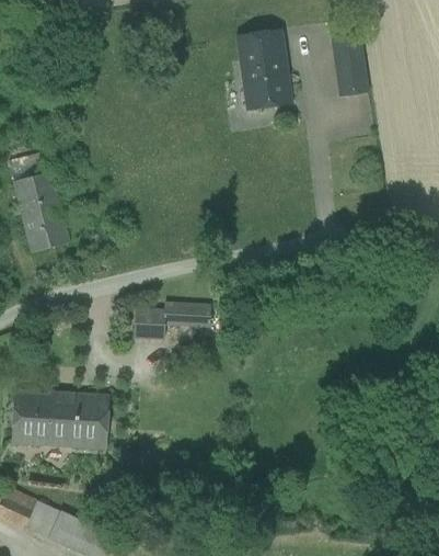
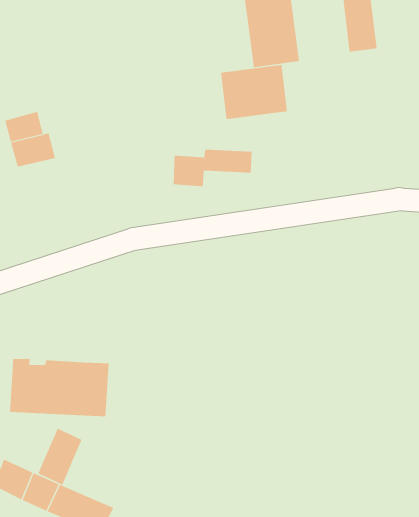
building: none -> [220,64,288,120]
building: [20,197,68,252] -> none
building: [134,303,210,339] -> [173,149,253,187]
building: none -> [38,428,82,485]

